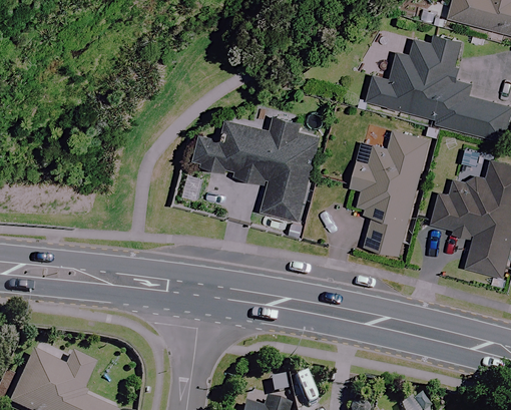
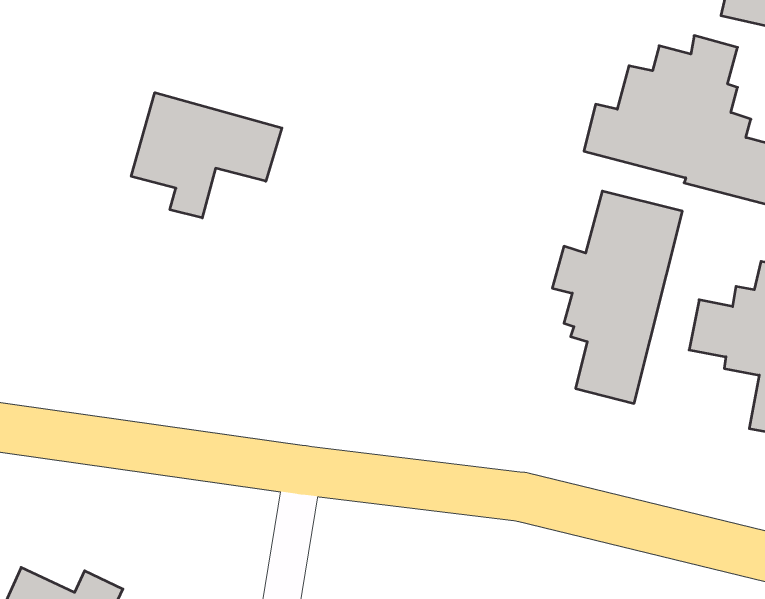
building: none -> [131,93,282,218]
building: [192,115,322,220] -> none

